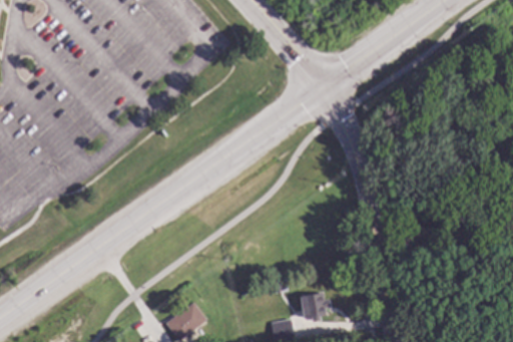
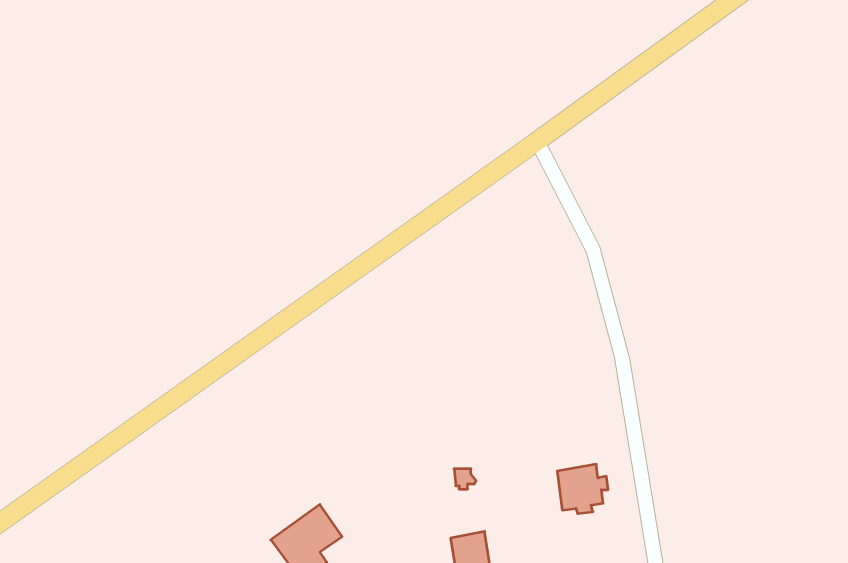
building: [300,293,330,322] -> [557,464,608,514]

